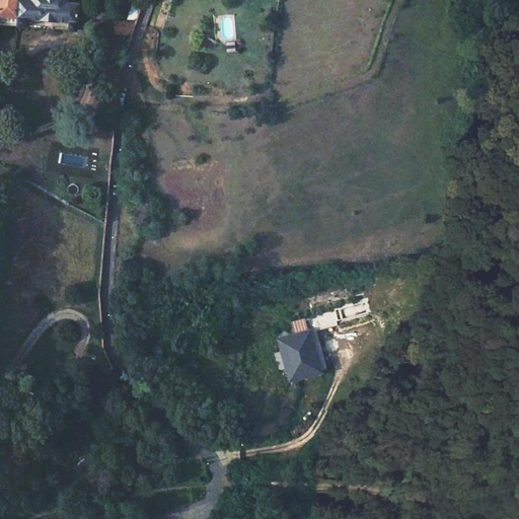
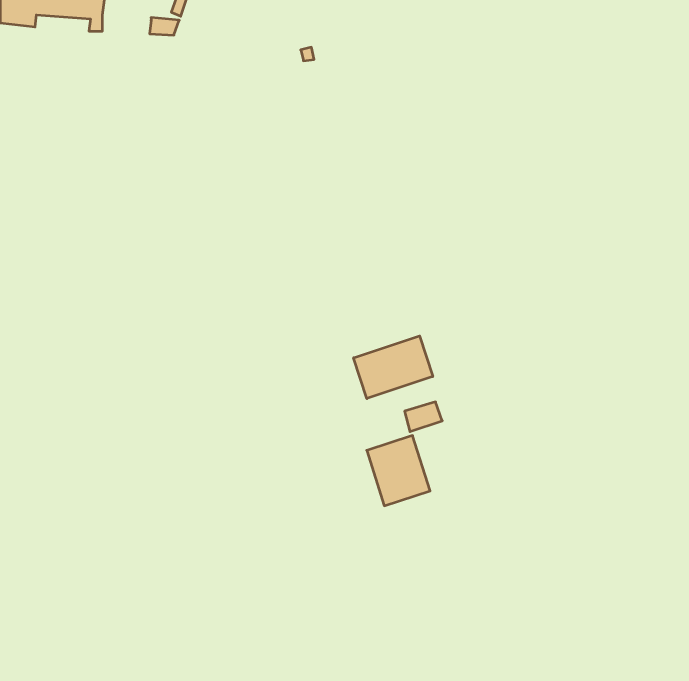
building: none -> [354,336,433,399]

